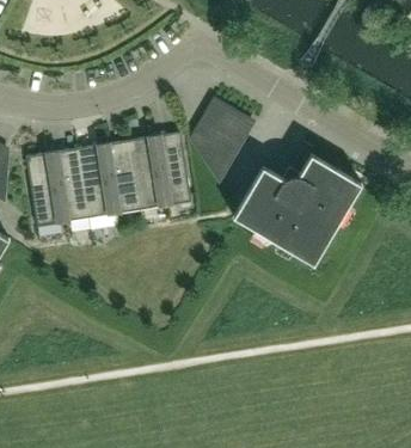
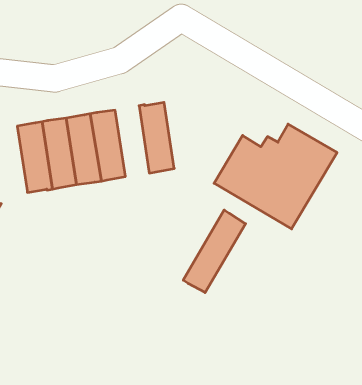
building: [188,106,252,182] -> none
building: [129,135,165,209] -> none
building: none -> [183,210,246,293]

